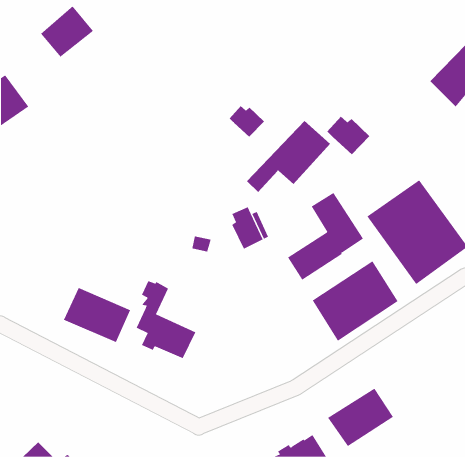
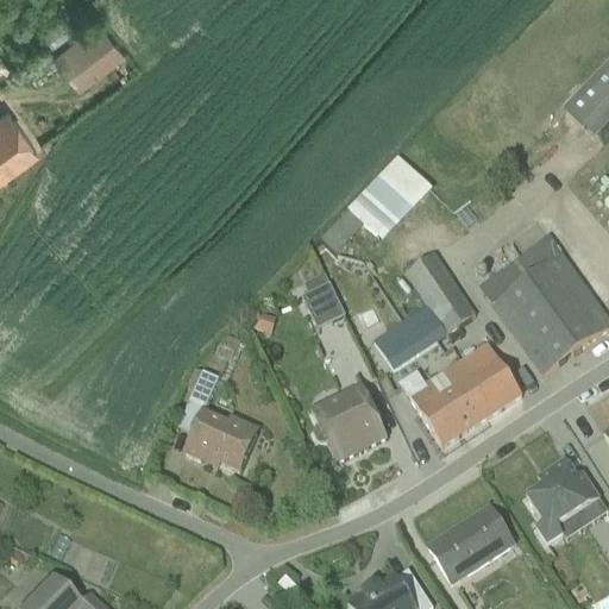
building: [229,105,265,138] -> none
building: [327,116,370,155] -> none
building: [63,287,131,343] -> none
building: none -> [310,382,388,460]
building: none -> [527,457,601,545]

